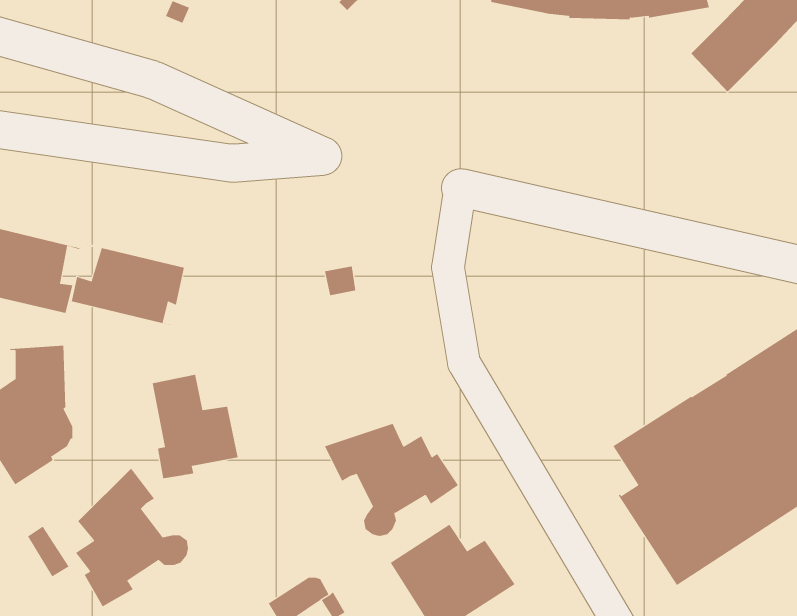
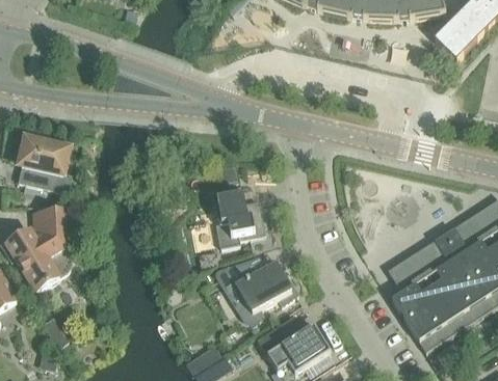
building: [71,244,185,326] -> none
building: [152,374,238,479] -> [214,185,265,246]
building: [75,468,189,607] -> none

